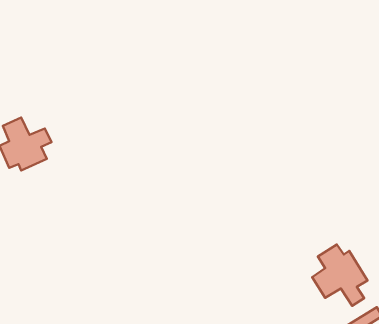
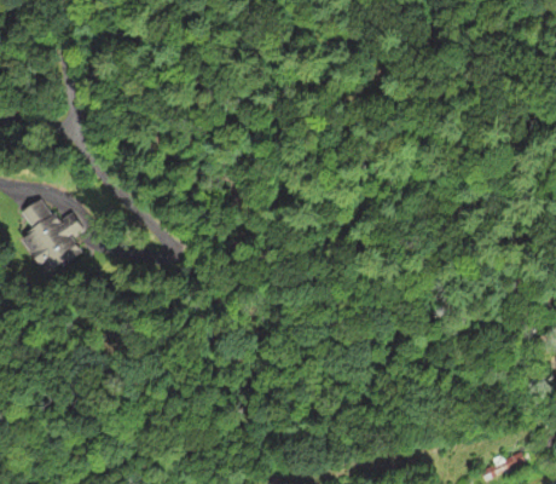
building: [312,245,367,306] -> none

